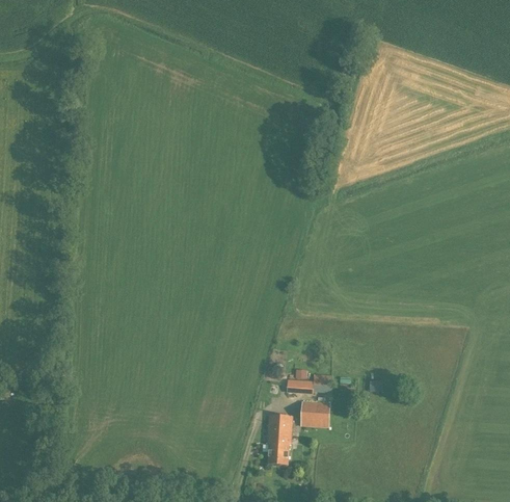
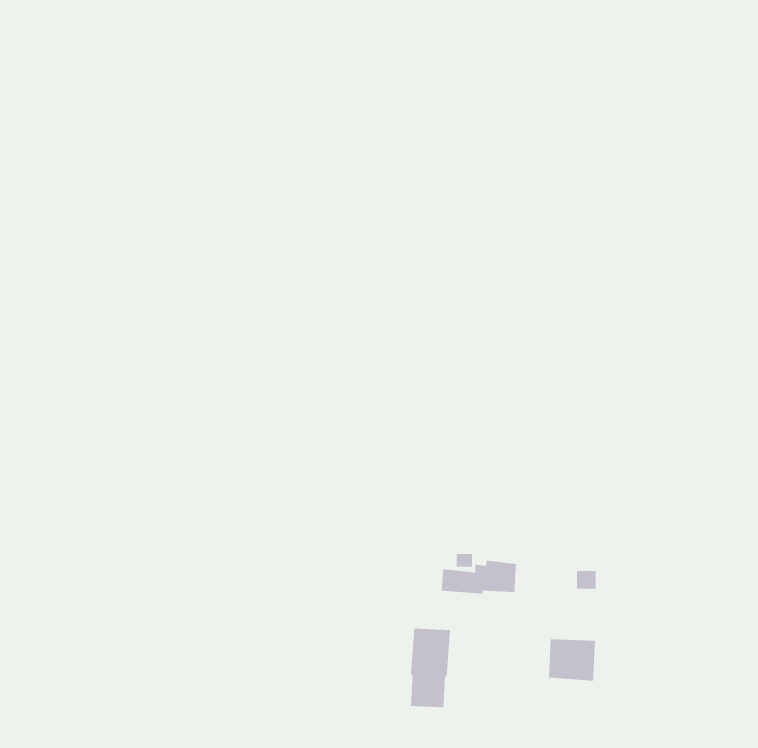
building: [300,401,329,427] -> [548,639,596,681]

